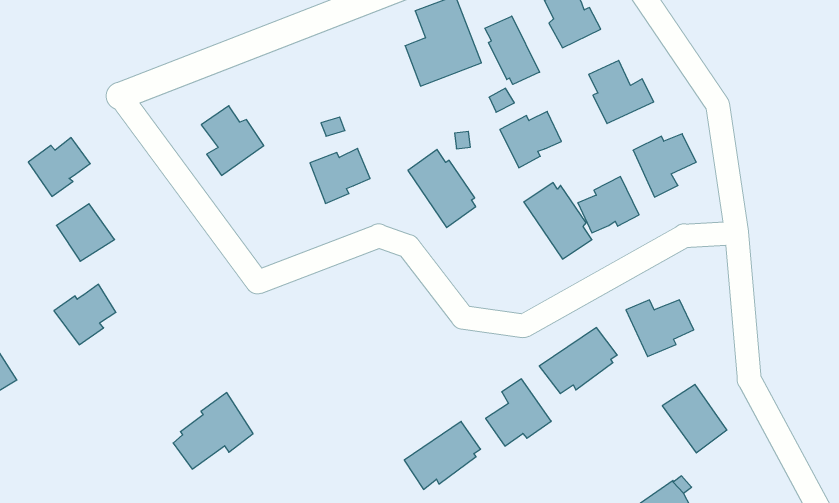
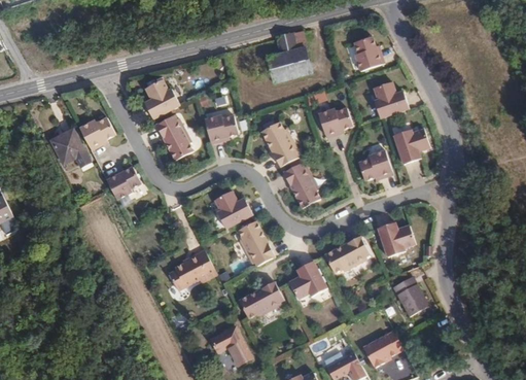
building: [485,16,540,84] -> none
building: [28,138,90,196] -> [78,117,114,150]
building: none -> [155,116,192,162]
building: [524,183,592,259] -> [283,163,320,208]
building: none -> [214,189,253,228]
building: [54,284,116,345] -> [104,166,140,200]
building: none -> [238,220,275,265]
building: [173,393,253,469] -> [168,245,215,287]

